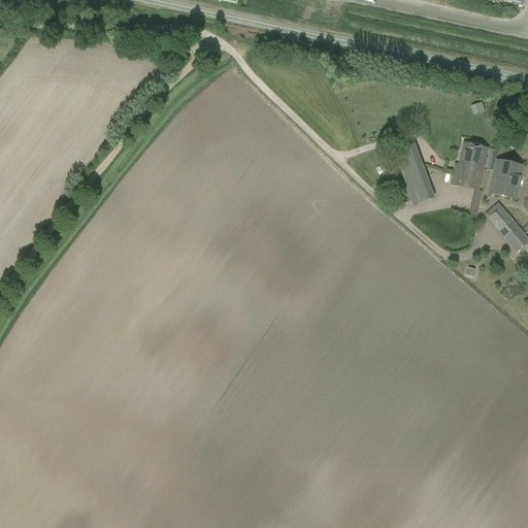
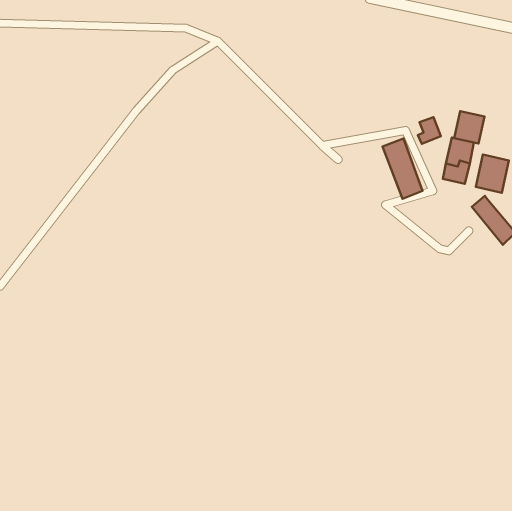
building: none -> [454,111,485,143]
building: none -> [418,117,441,144]

